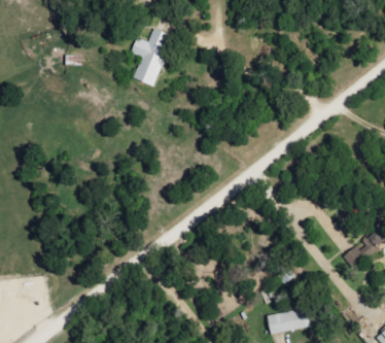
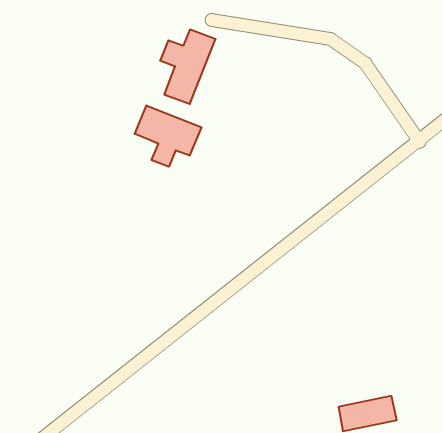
building: none -> [135,105,201,167]

